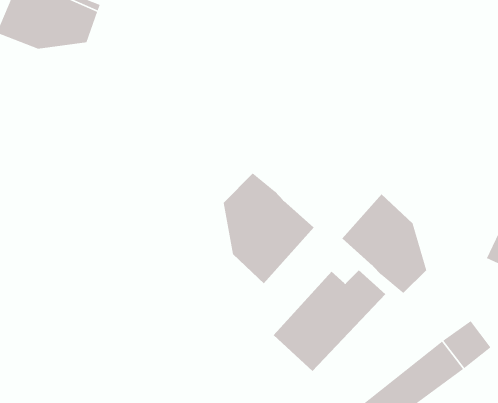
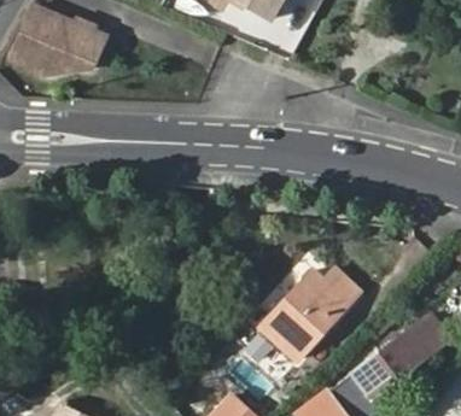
building: [223,173,315,284] -> none
building: [342,193,427,294] -> none

